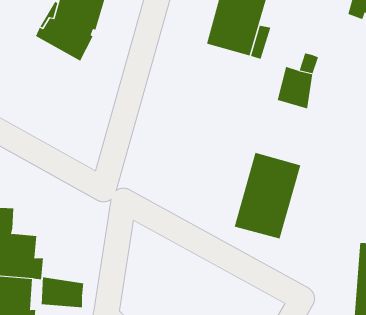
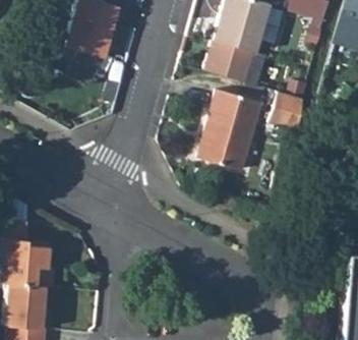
building: [234,152,301,239] -> [200,91,262,171]
building: [41,276,84,308] -> none

